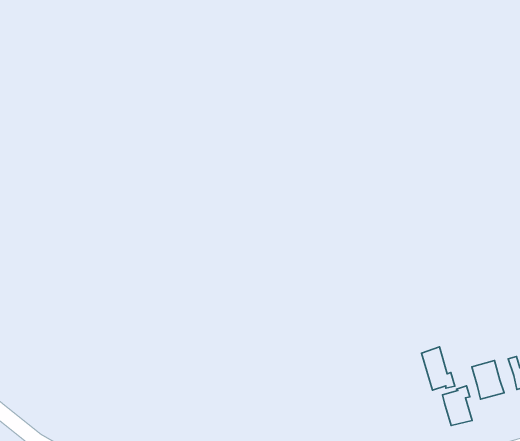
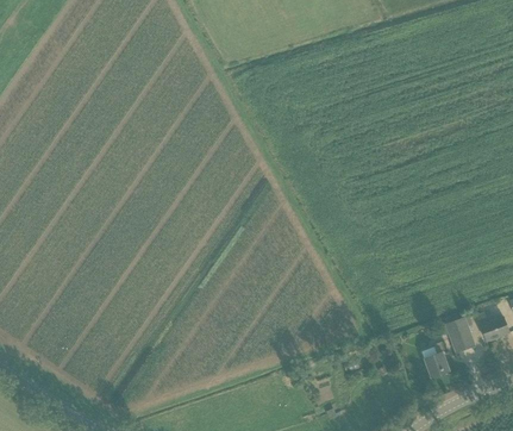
building: [422,347,455,390] -> none

